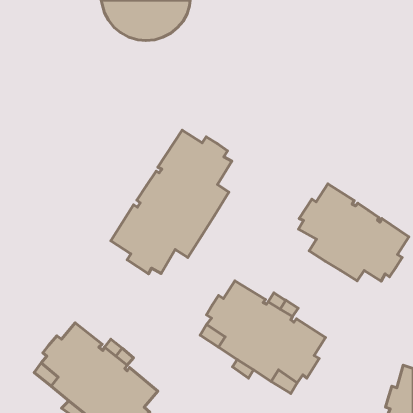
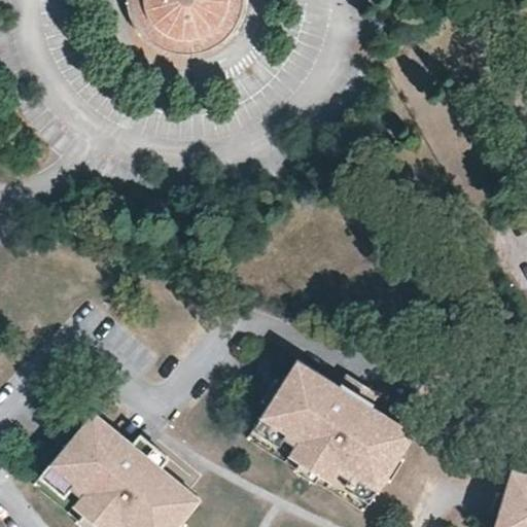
building: [111,130,232,274] -> none
building: [299,184,409,281] -> none

